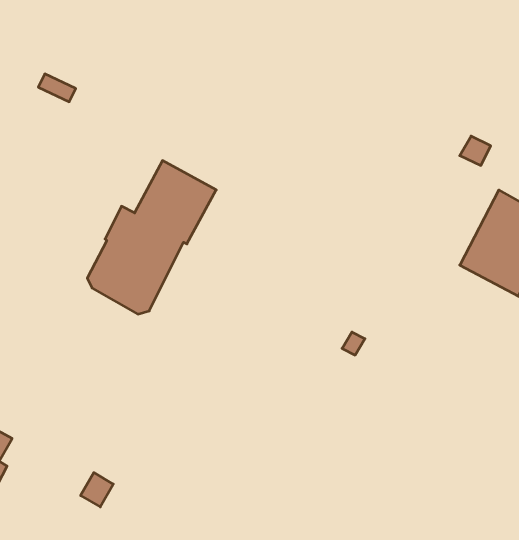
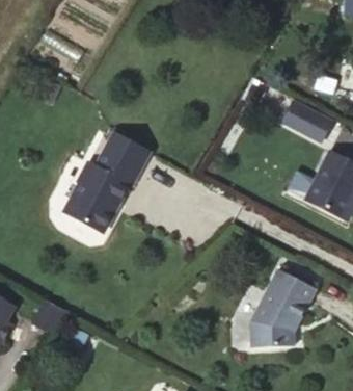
building: none -> [251,268,316,346]

